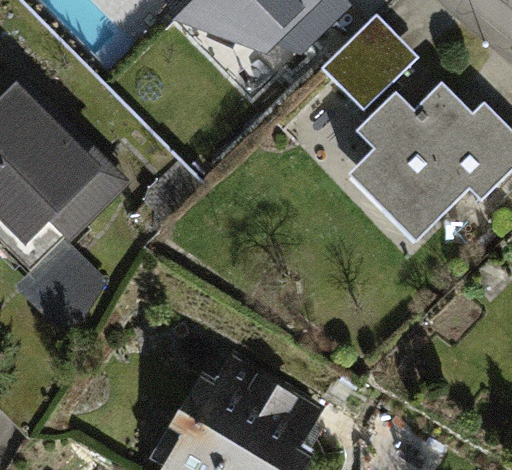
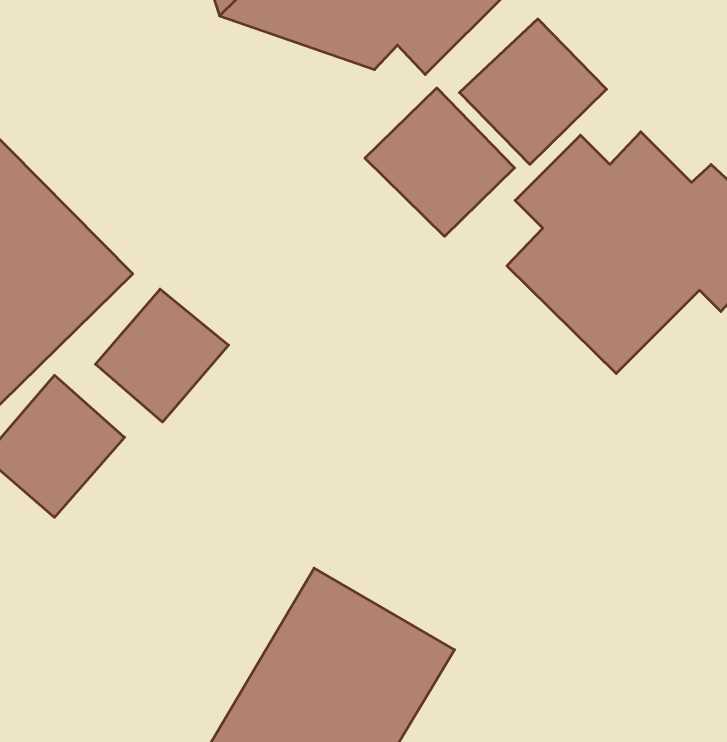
building: none -> [365,88,515,236]
building: none -> [95,289,229,422]

